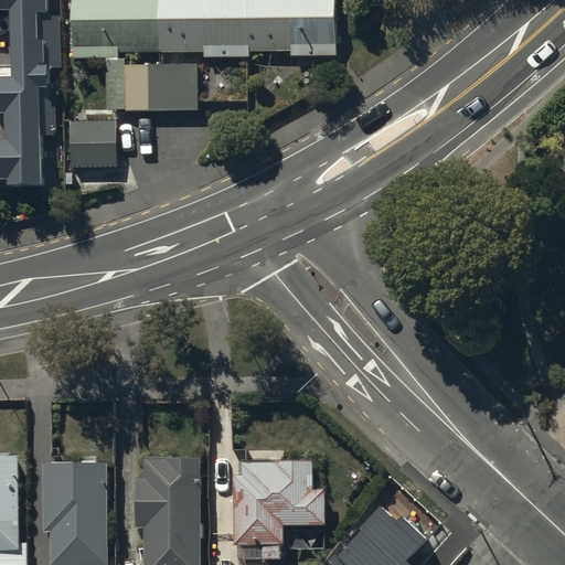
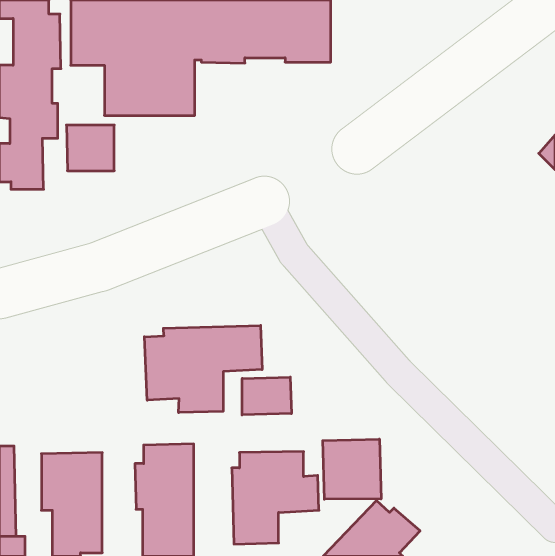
building: none -> [144,325,262,413]
building: none -> [242,377,291,415]
building: none -> [323,439,381,499]

